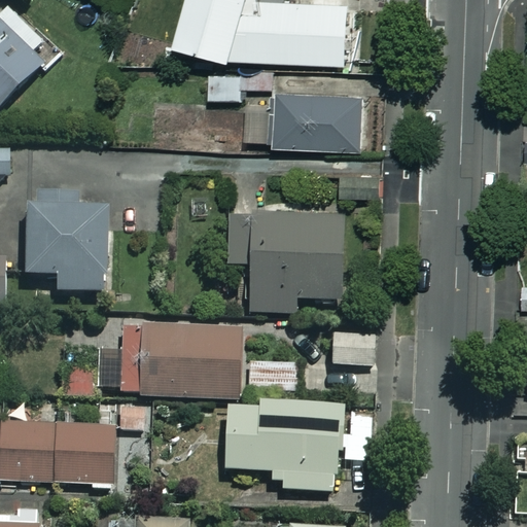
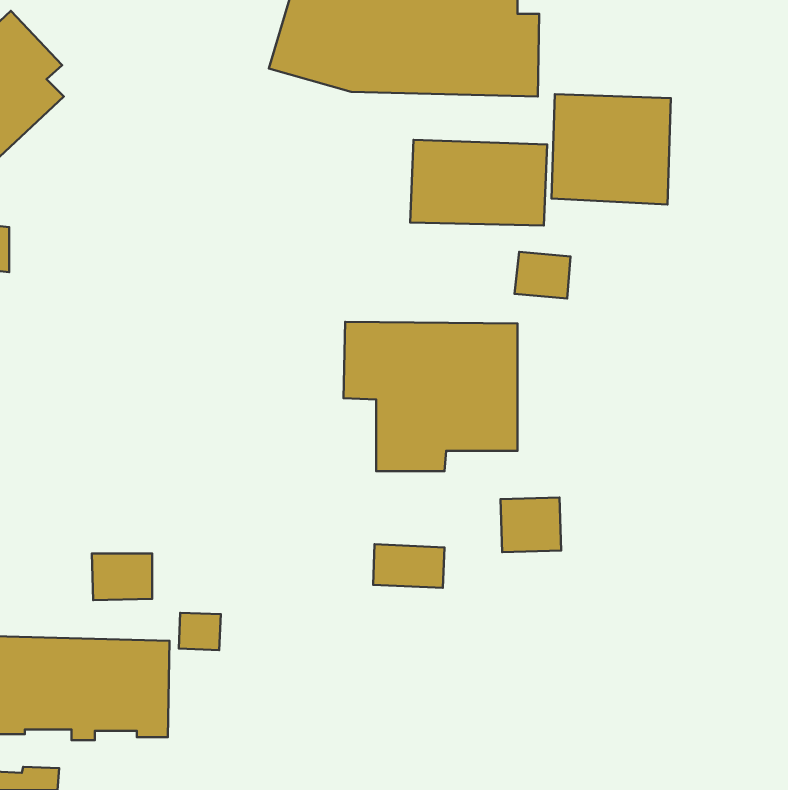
building: none -> [551,94,671,204]
building: [27,189,108,289] -> none
building: [117,323,241,397] -> none
building: [223,400,372,490] -> none

